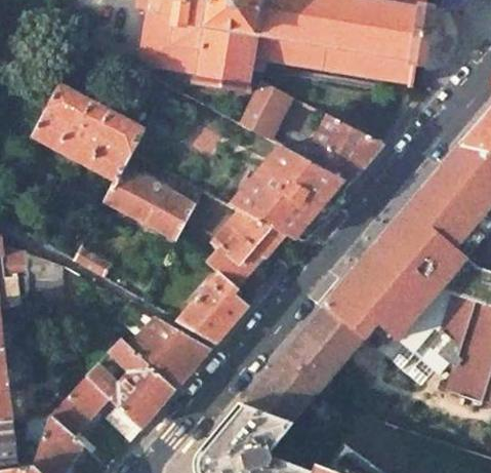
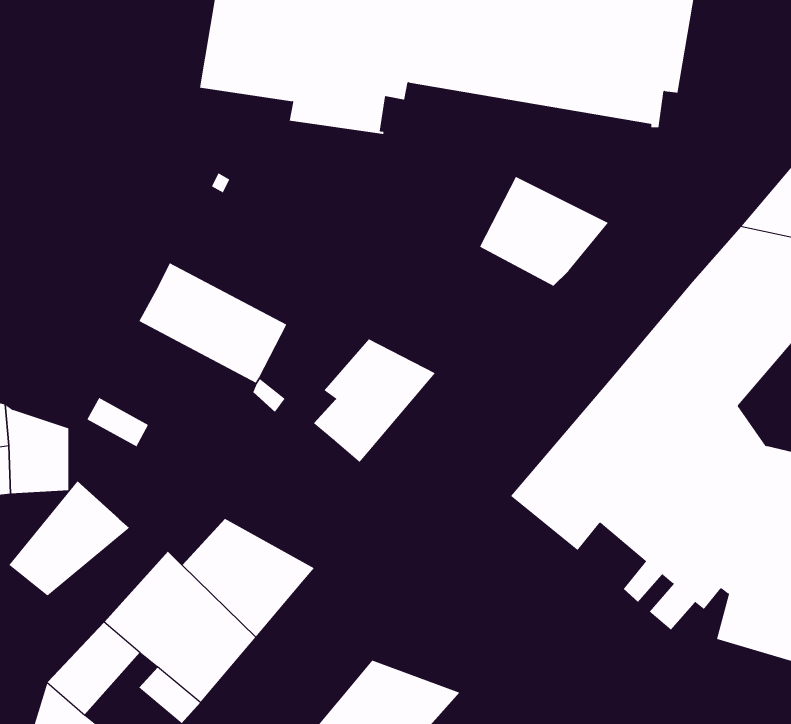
building: [239,80,288,136] -> none
building: [32,84,142,181] -> none
building: [236,146,350,239] -> none
building: [178,272,244,340] -> none
building: none -> [8,480,130,596]
building: [242,305,364,422] -> none

